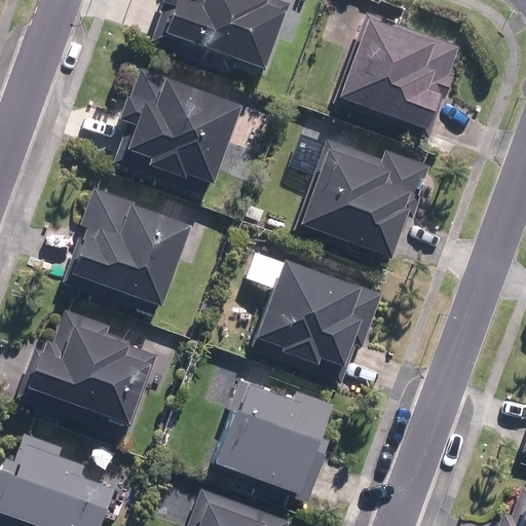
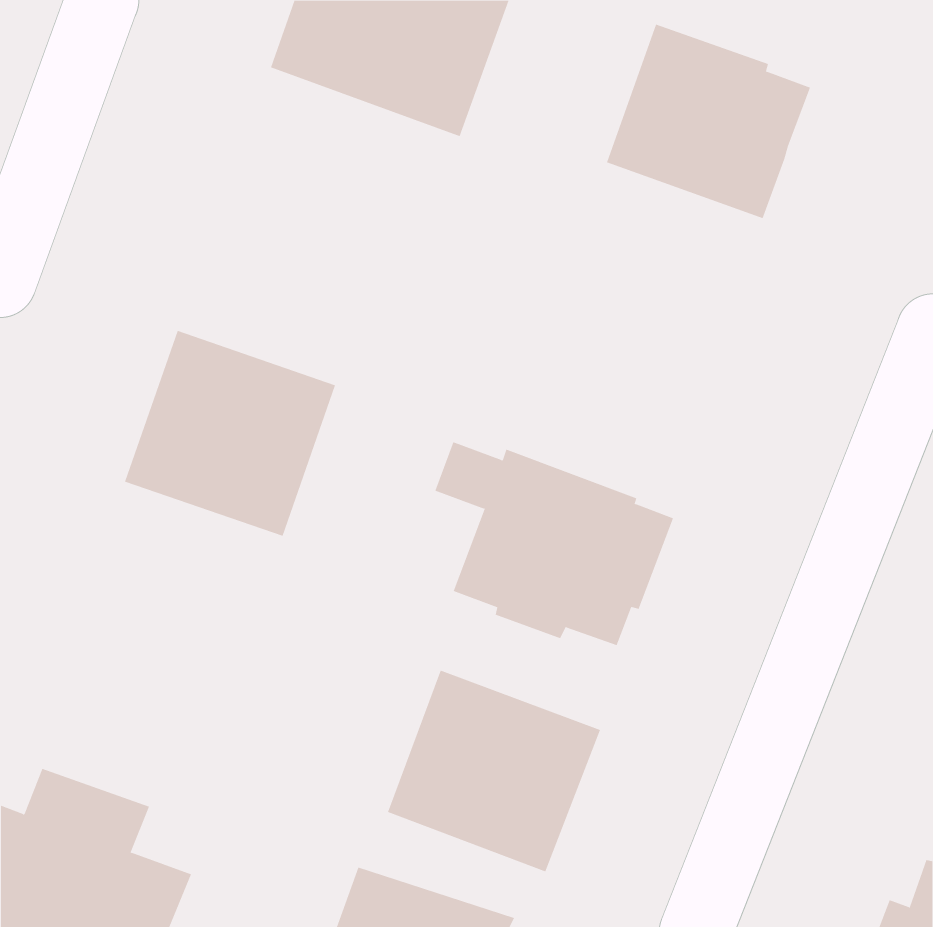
building: [114,72,240,197] -> none
building: [297,141,425,258] -> none
building: [28,314,156,437] -> none

